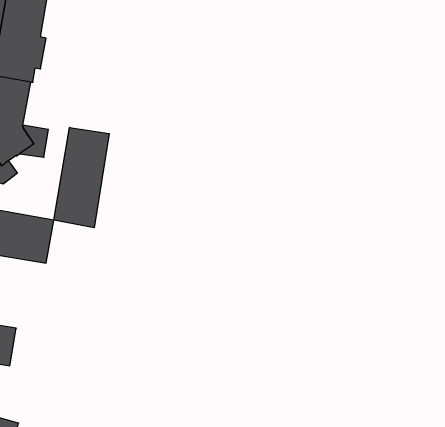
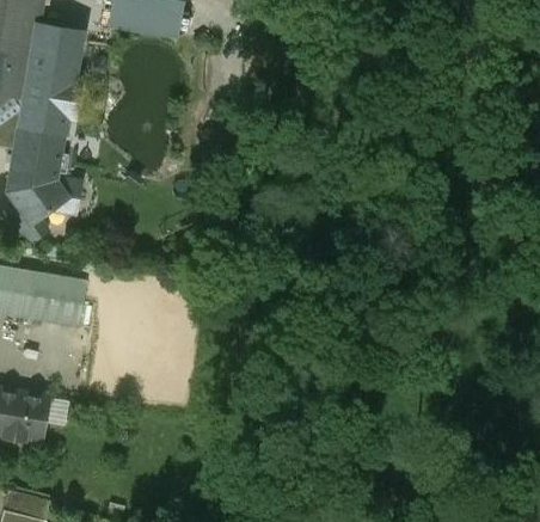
building: [54,127,109,228] -> none

